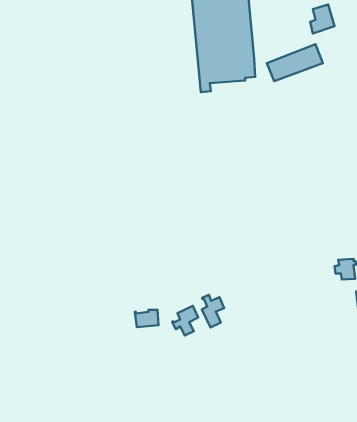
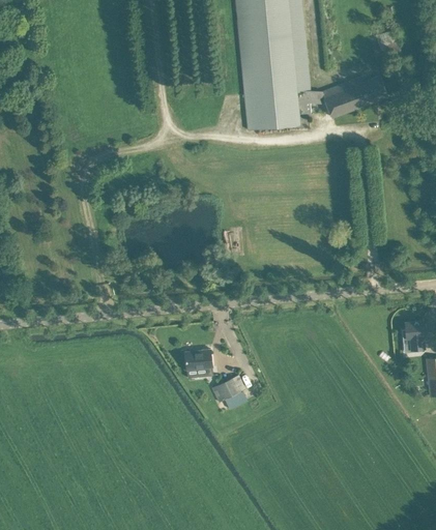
building: [202,295,224,328] -> none
building: [135,310,158,327] -> [184,349,211,369]

